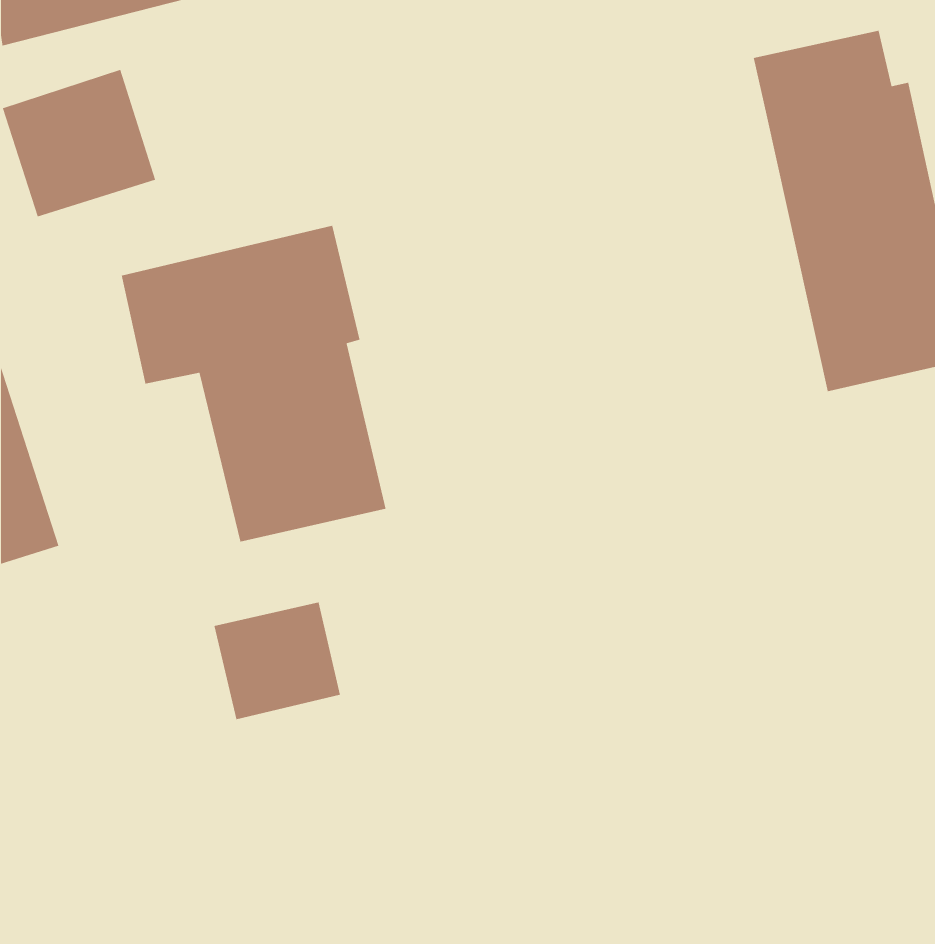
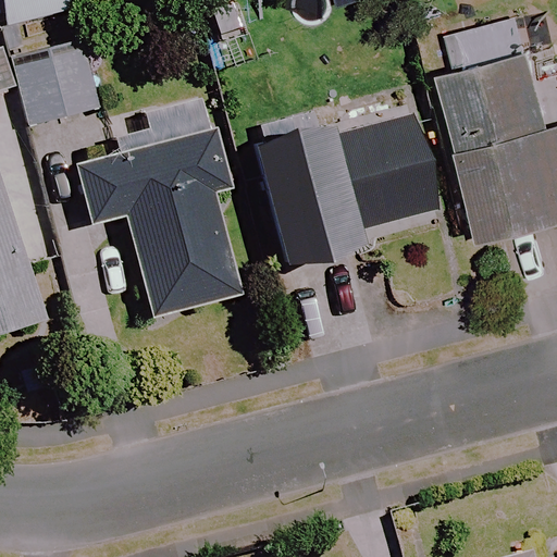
building: none -> [249,98,445,269]
building: [213,602,341,720] -> none

